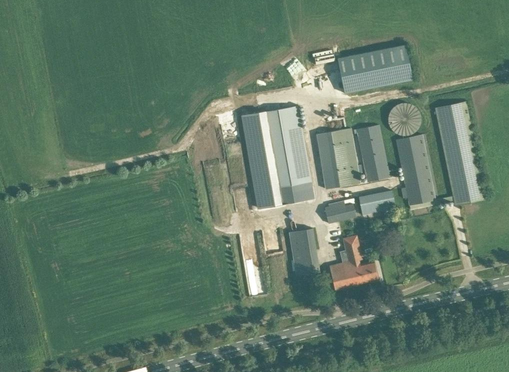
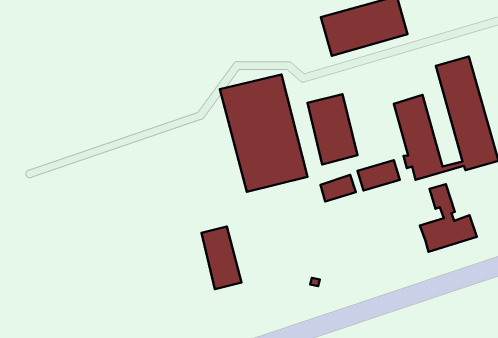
building: [387,103,420,136] -> none
building: [356,124,389,182] -> none
building: [287,221,319,276] -> [202,226,241,289]
building: [328,231,378,290] -> [420,184,477,252]

